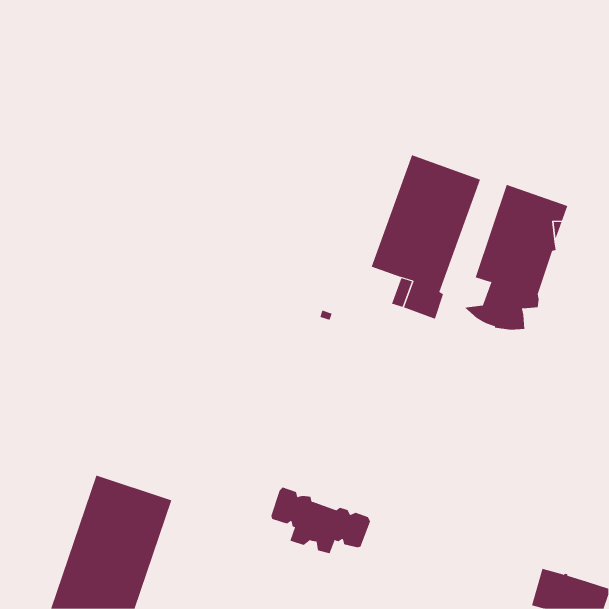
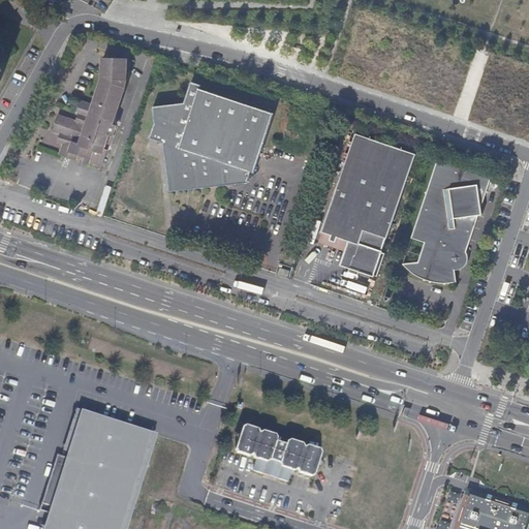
building: none -> [46,61,123,168]
building: none -> [151,81,276,191]

